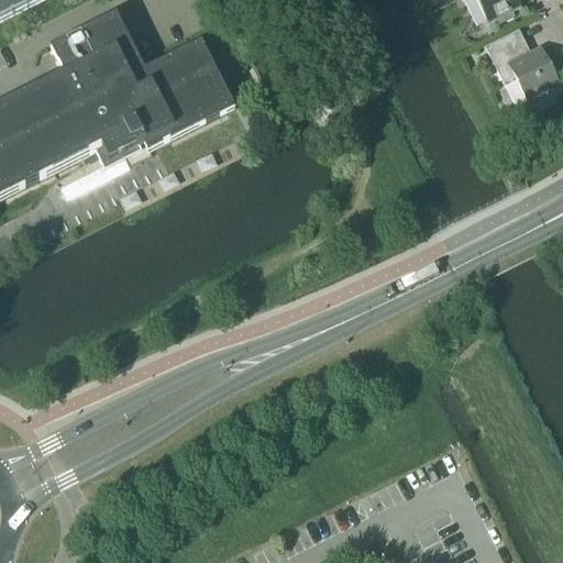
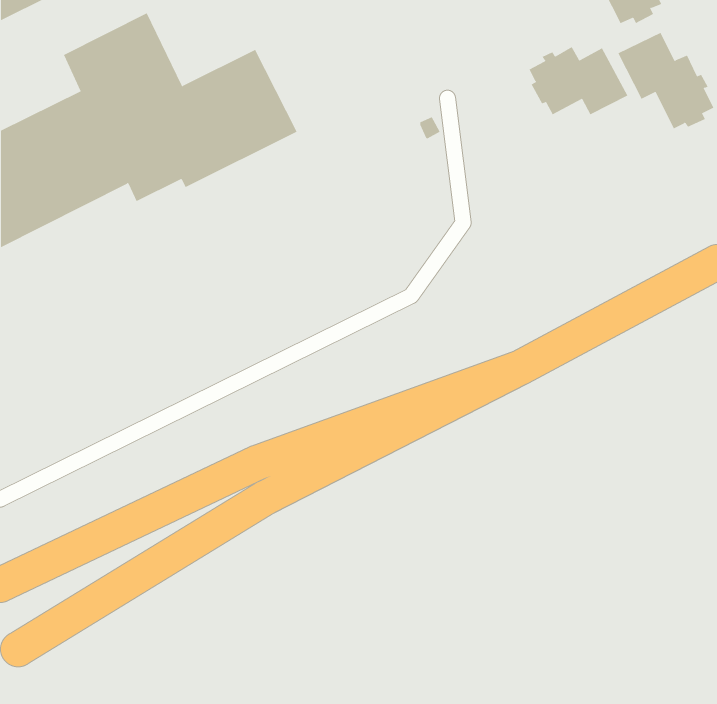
building: none -> [529,46,628,115]

